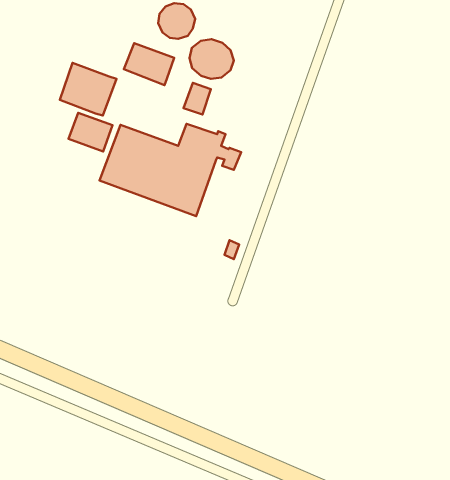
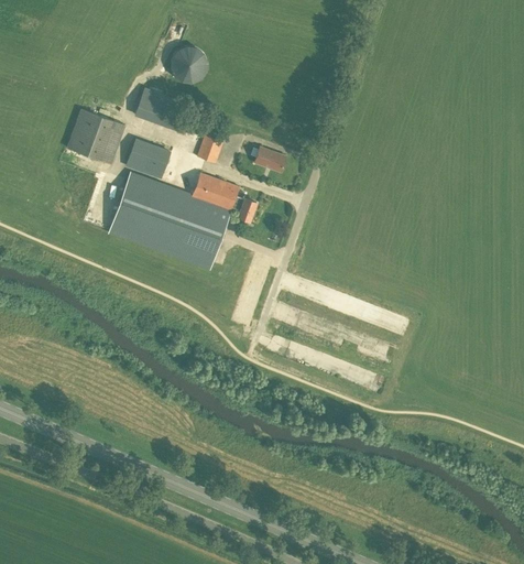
building: [190,39,234,79] -> none
building: none -> [253,147,285,173]
building: [69,113,113,152] -> [124,139,171,180]

